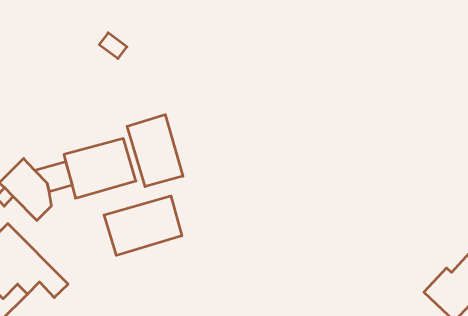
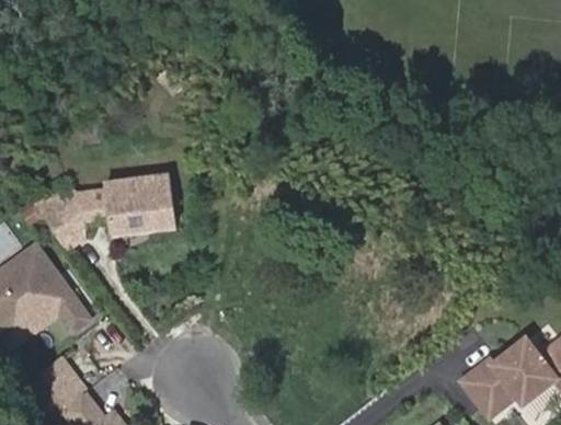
building: [127,115,183,187] -> none
building: [104,196,182,255] -> none

